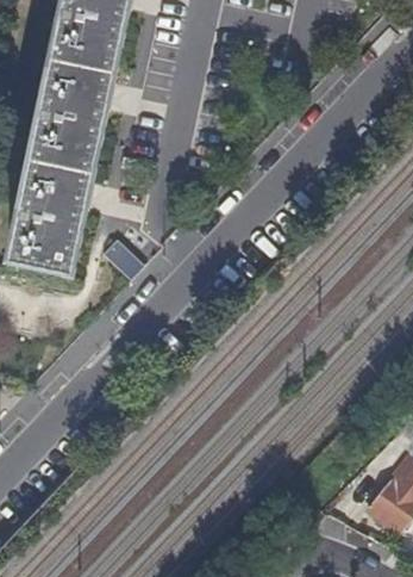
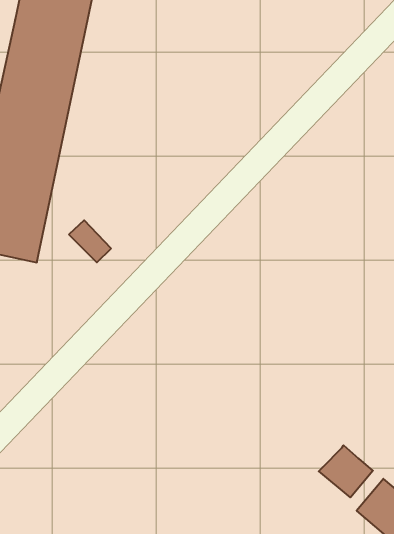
building: none -> [319,445,373,497]

